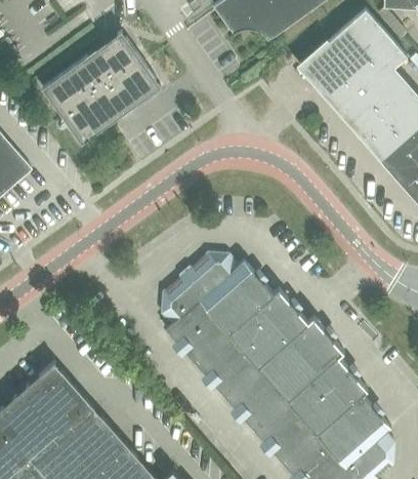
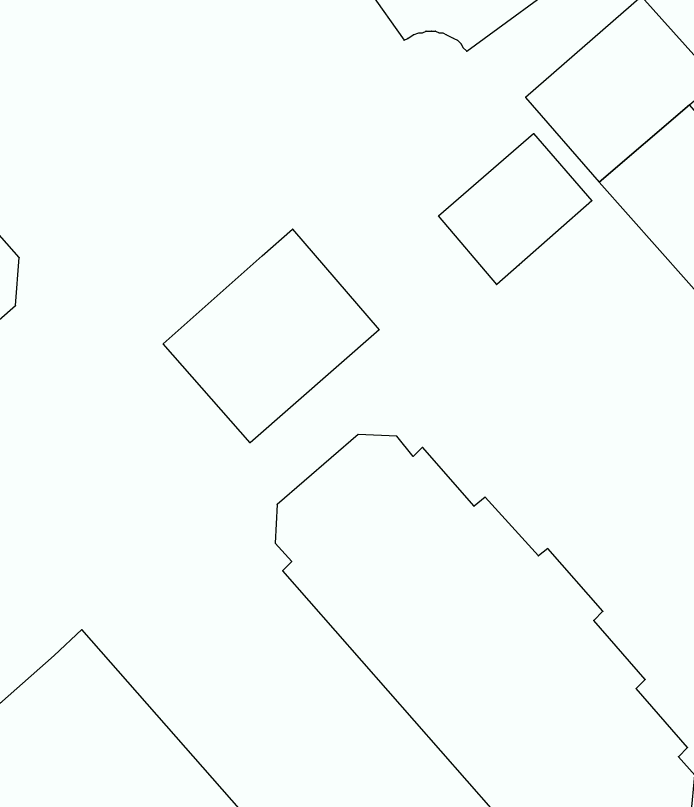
building: [41,33,160,145] -> none
building: none -> [439,134,592,285]
building: none -> [163,229,379,443]

